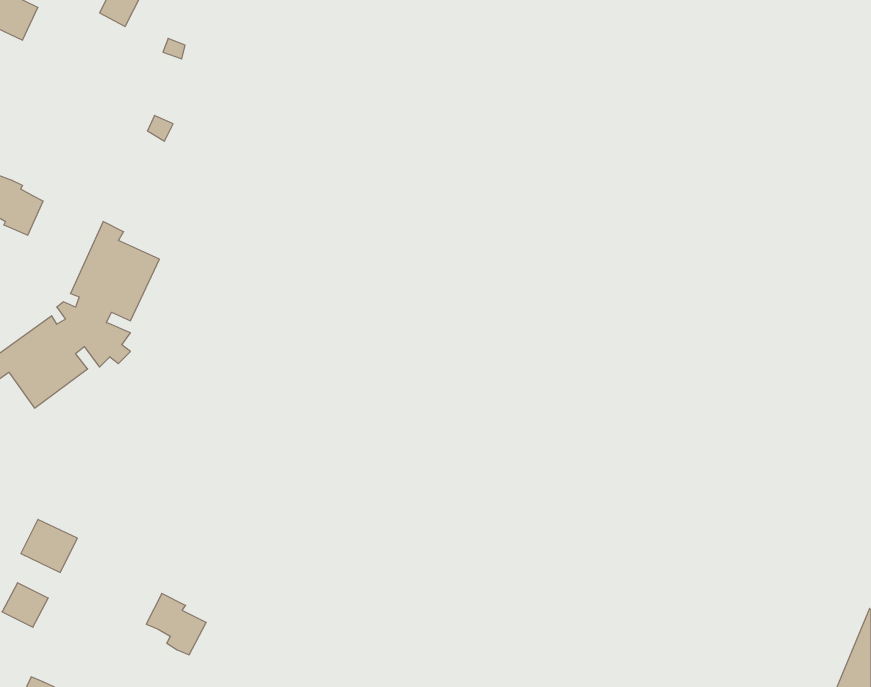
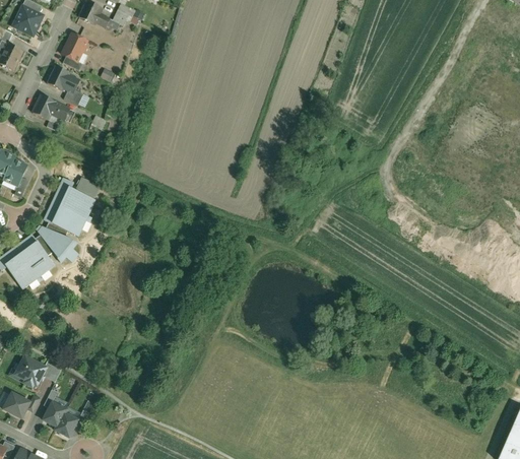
building: none -> [49,68,80,93]
building: none -> [34,95,70,121]
building: [146,593,206,655] -> [44,401,79,438]

